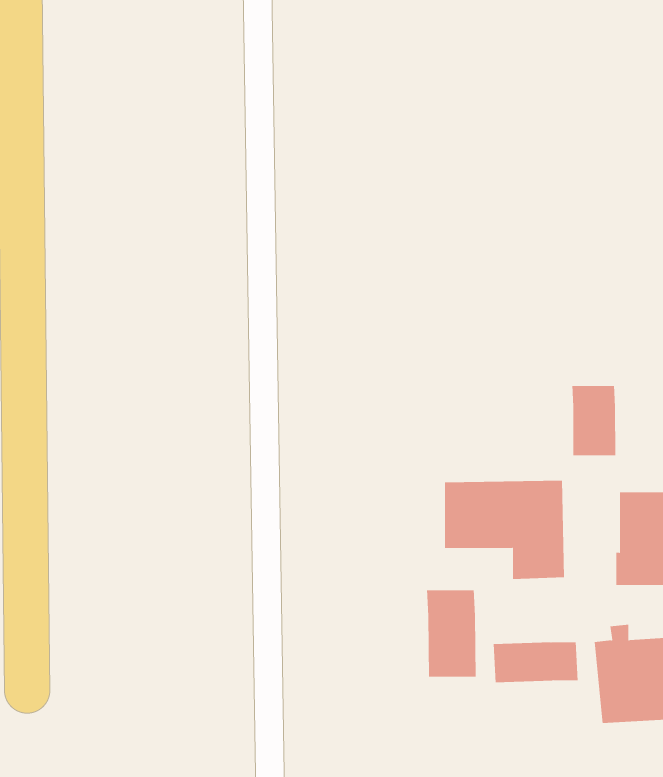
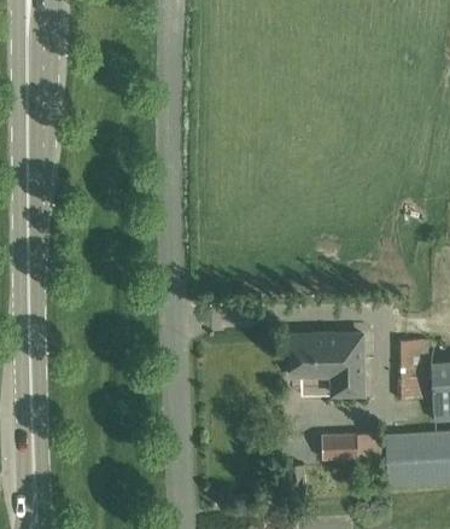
building: [572,385,616,456] -> none
building: [426,589,476,677] -> none

